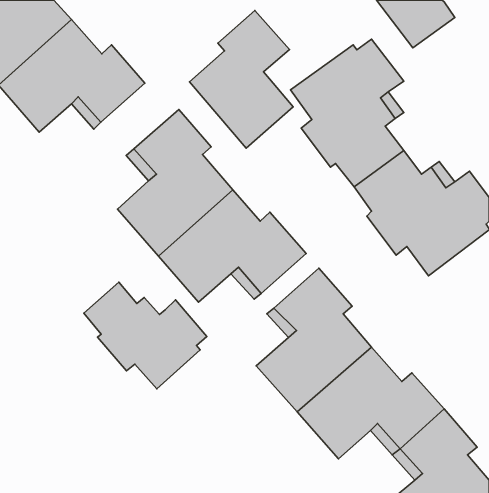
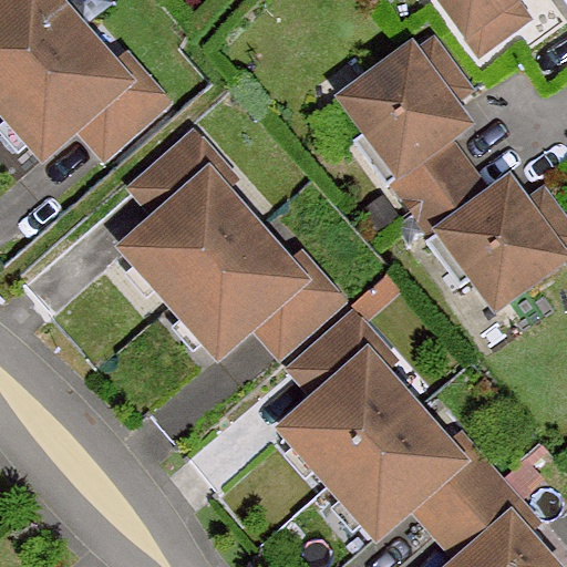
building: [190,10,293,148] -> none
building: [84,282,207,389] -> none

